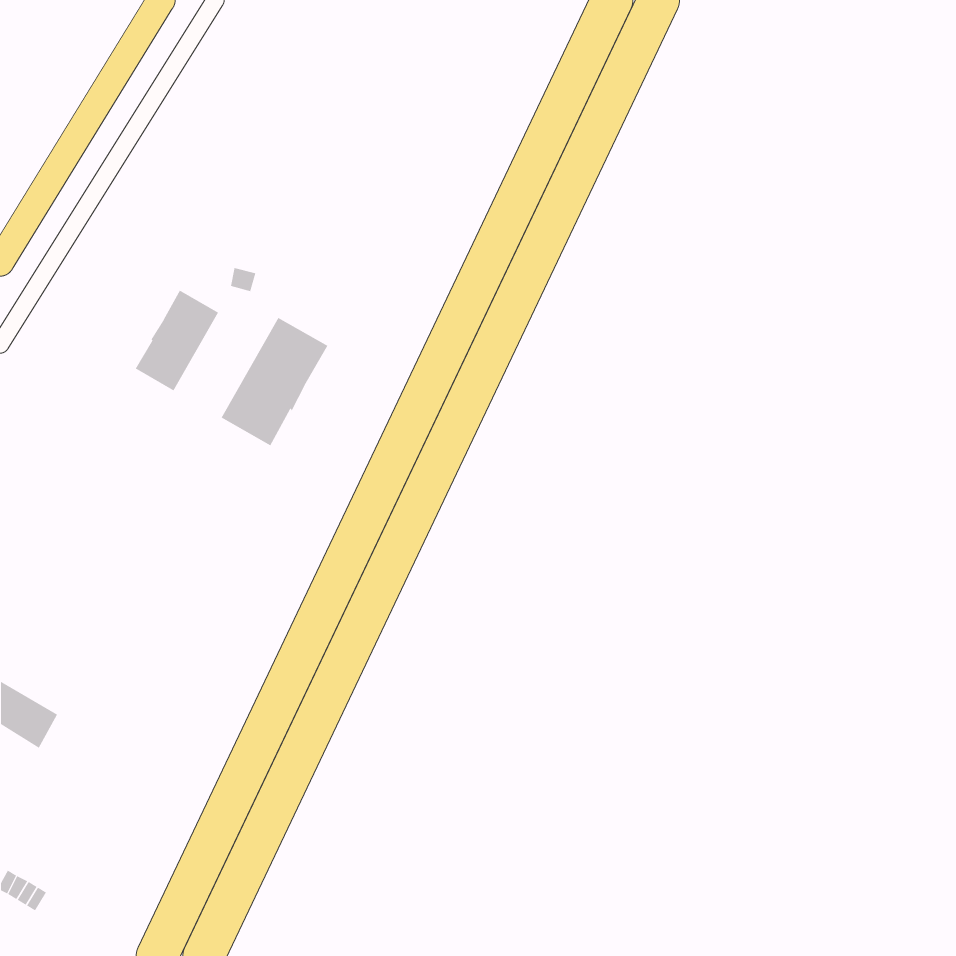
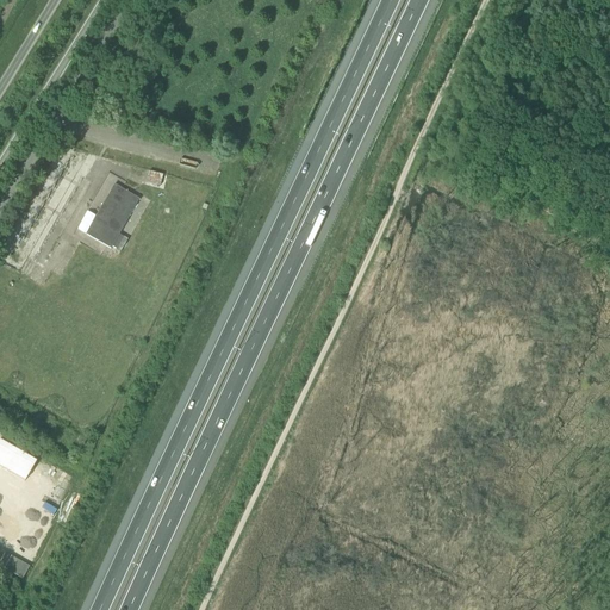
building: [221,317,328,446] -> none

